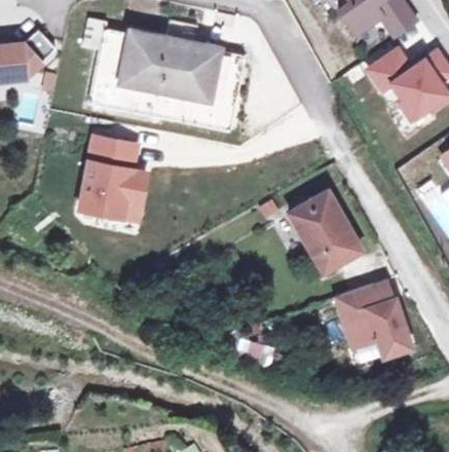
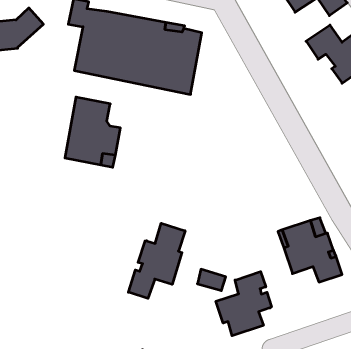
building: [290,190,362,271] -> none
building: none -> [128,223,185,298]
building: none -> [216,272,271,336]

